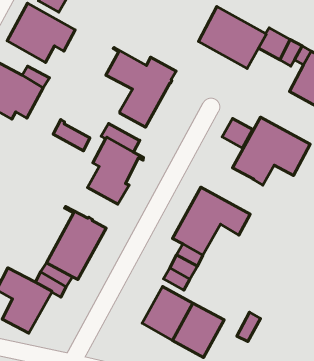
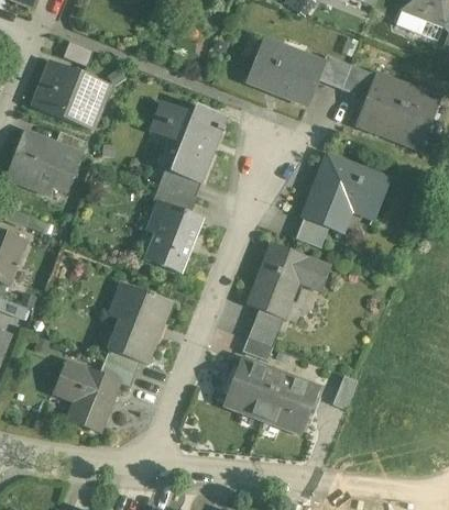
building: [222,118,254,148] -> [295,215,329,247]
building: [53,119,90,151] -> [158,166,200,198]

